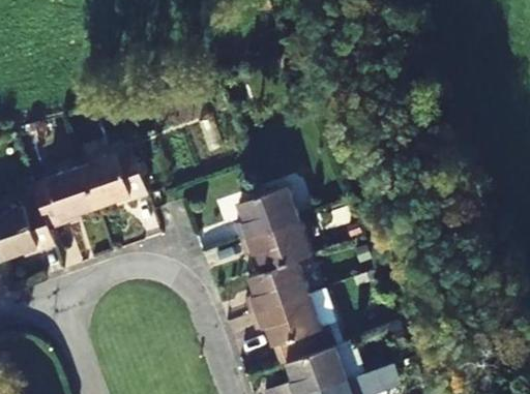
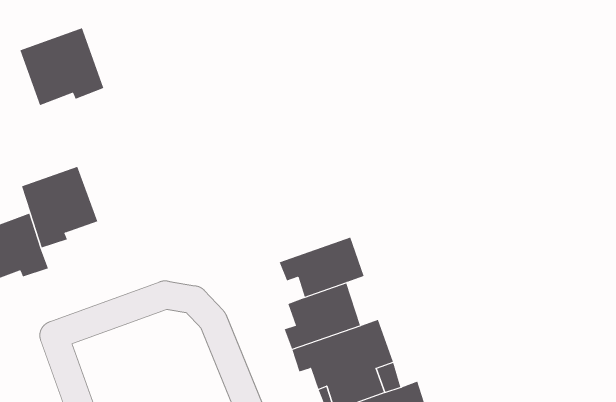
building: [76,146,145,210] -> [19,27,104,106]
building: [234,187,299,243] -> none

